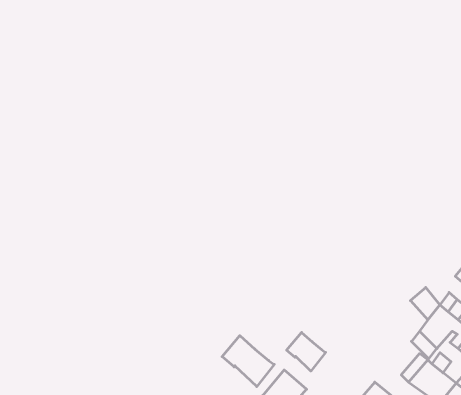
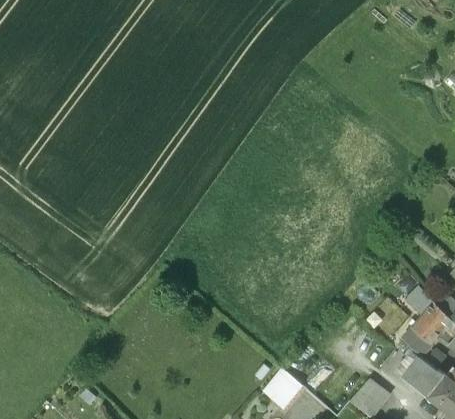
building: [287,332,326,371] -> none
building: [222,336,274,387] -> none

